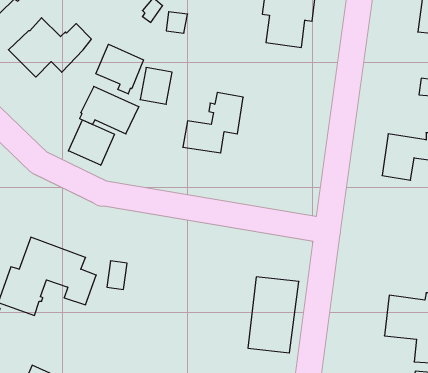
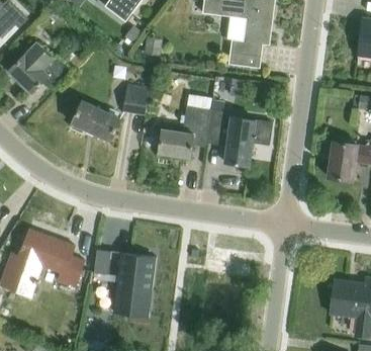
building: [96,44,143,94] -> none
building: none -> [204,110,271,167]
building: [68,120,115,165] -> none
building: [248,277,299,353] -> [111,252,155,317]

